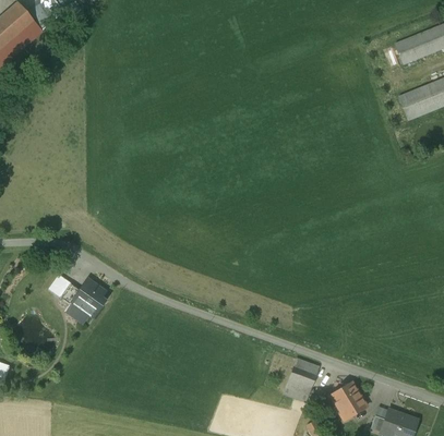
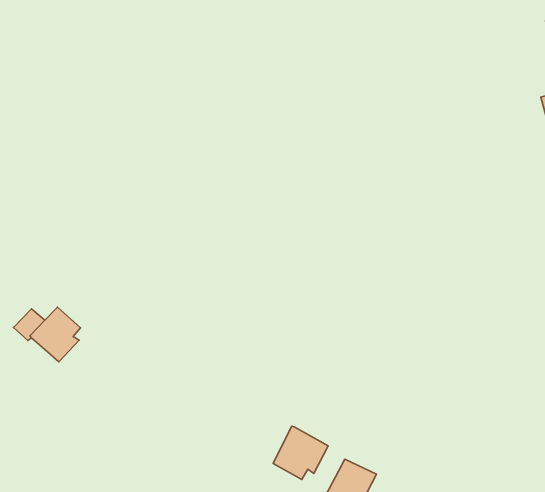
building: none -> [273,426,328,480]

